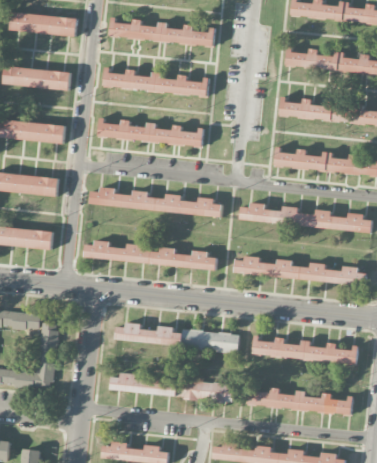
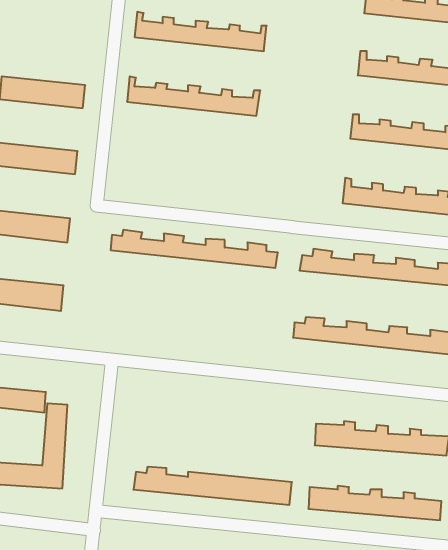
building: [7,11,76,36] -> none
building: [97,115,202,146] -> none
building: [84,239,216,269] -> none
building: [114,322,238,353] -> none

